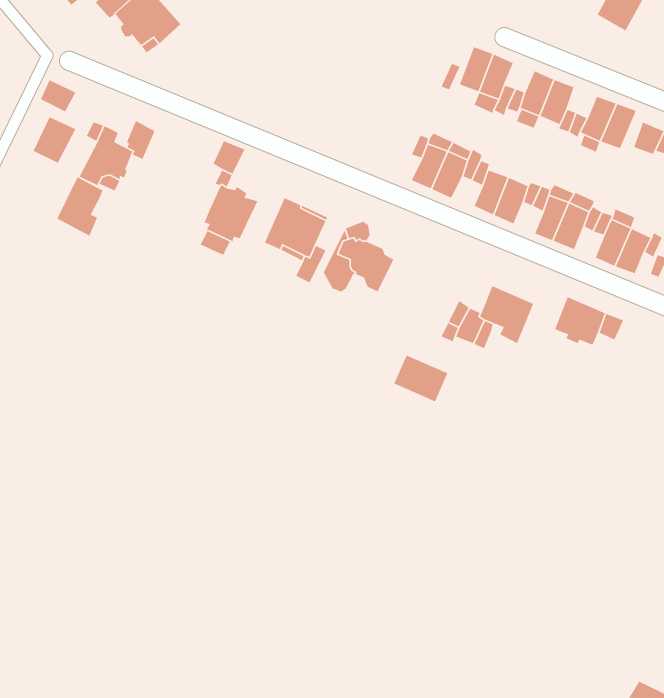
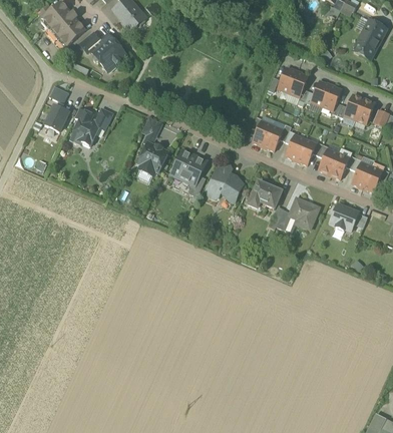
building: [56,176,103,237] -> none
building: [393,355,448,402] -> [251,181,281,207]

